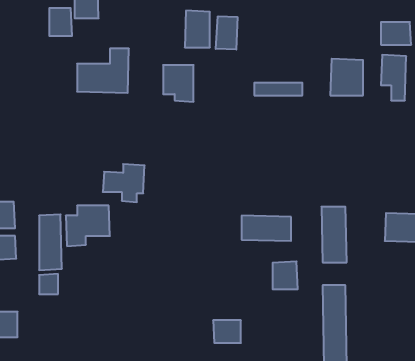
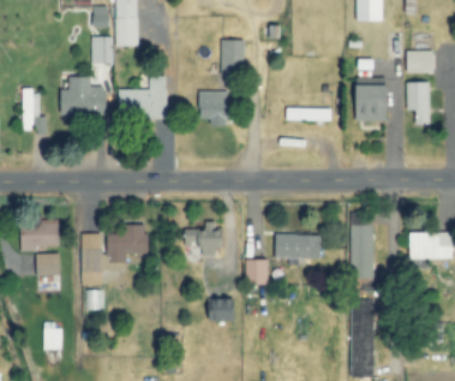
building: [216,16,237,50] -> none
building: none -> [60,77,106,117]
building: [103,164,145,202] -> [184,221,223,257]
building: [273,261,298,289] -> [245,258,269,285]
building: [213,320,241,343] -> [210,299,237,321]

